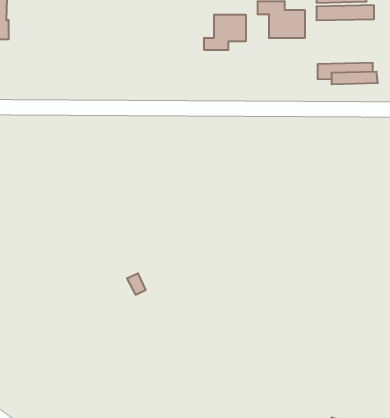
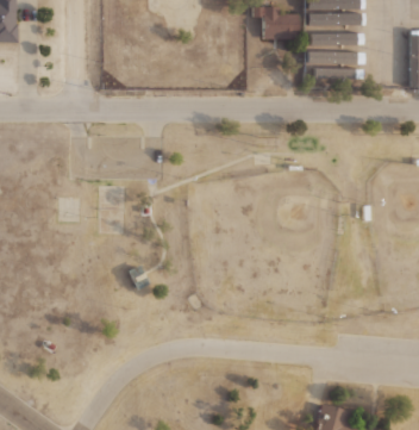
building: [204,15,246,50] -> none
building: none -> [312,32,355,56]

